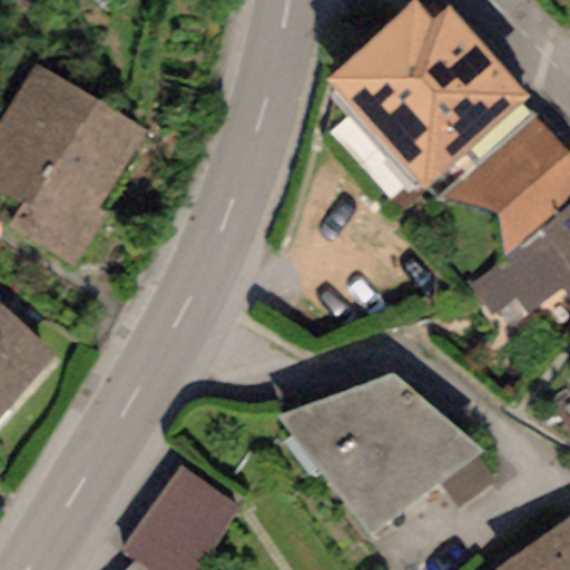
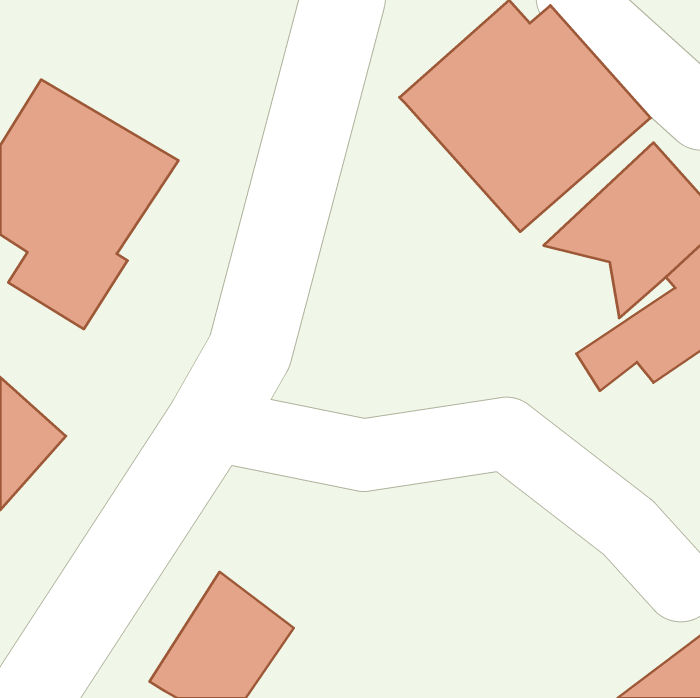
building: [278,373,481,532] -> none

